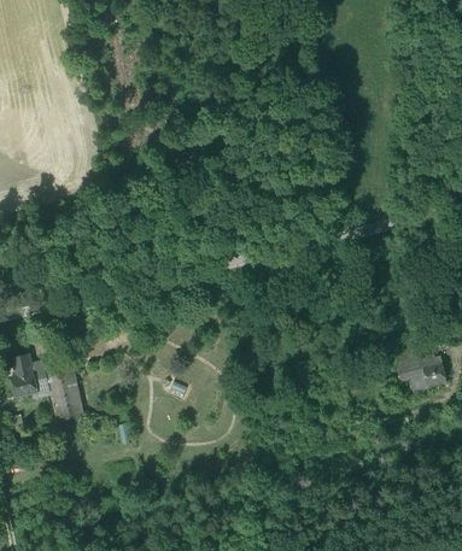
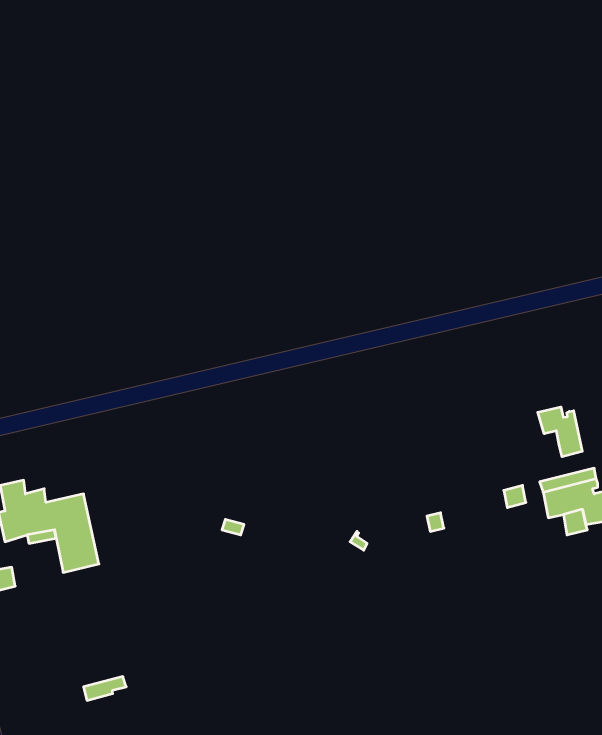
building: none -> [538,407,582,457]

